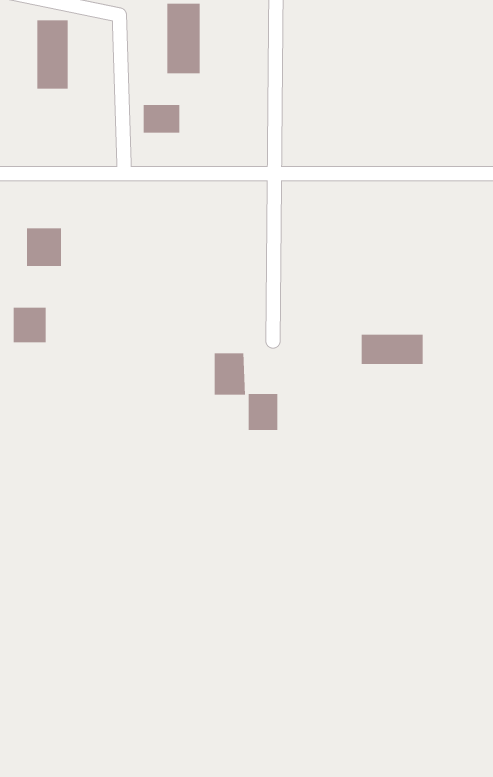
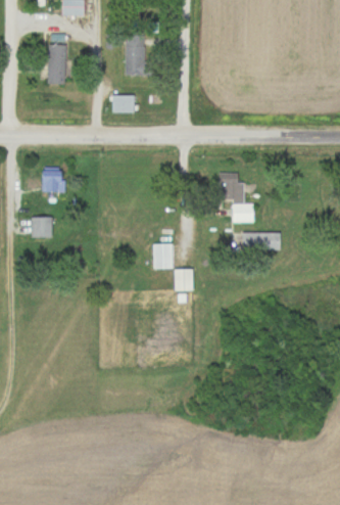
building: none -> [217,172,254,223]

